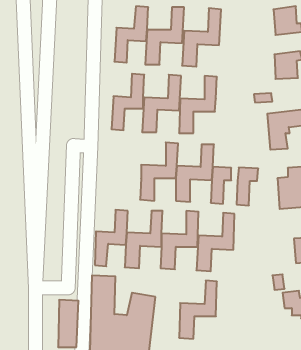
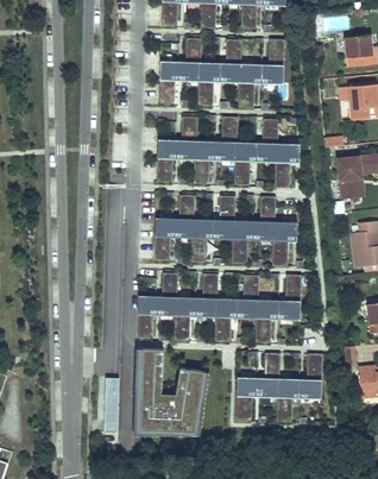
building: none -> [153,194,193,258]
building: [237,168,258,205] -> [276,141,301,185]
building: none -> [277,354,322,421]

